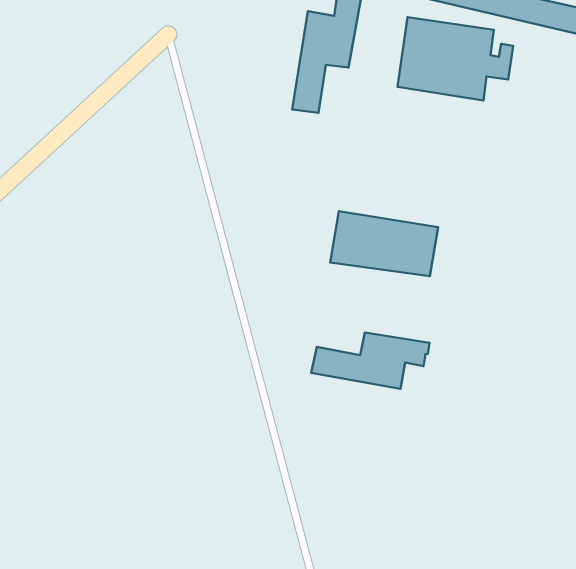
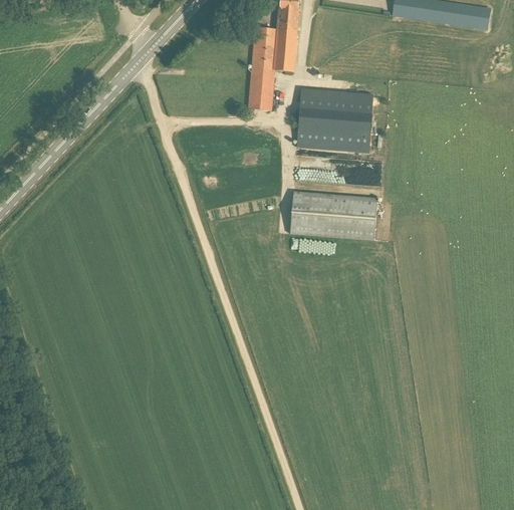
building: [397,17,513,101] -> [297,87,391,152]
building: [311,332,429,389] -> none

